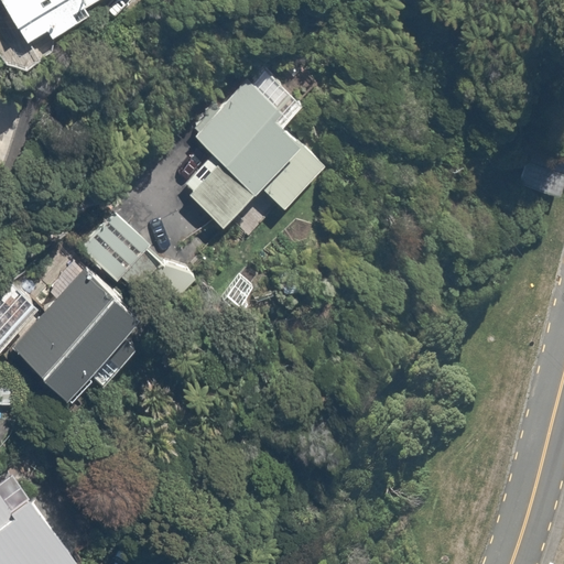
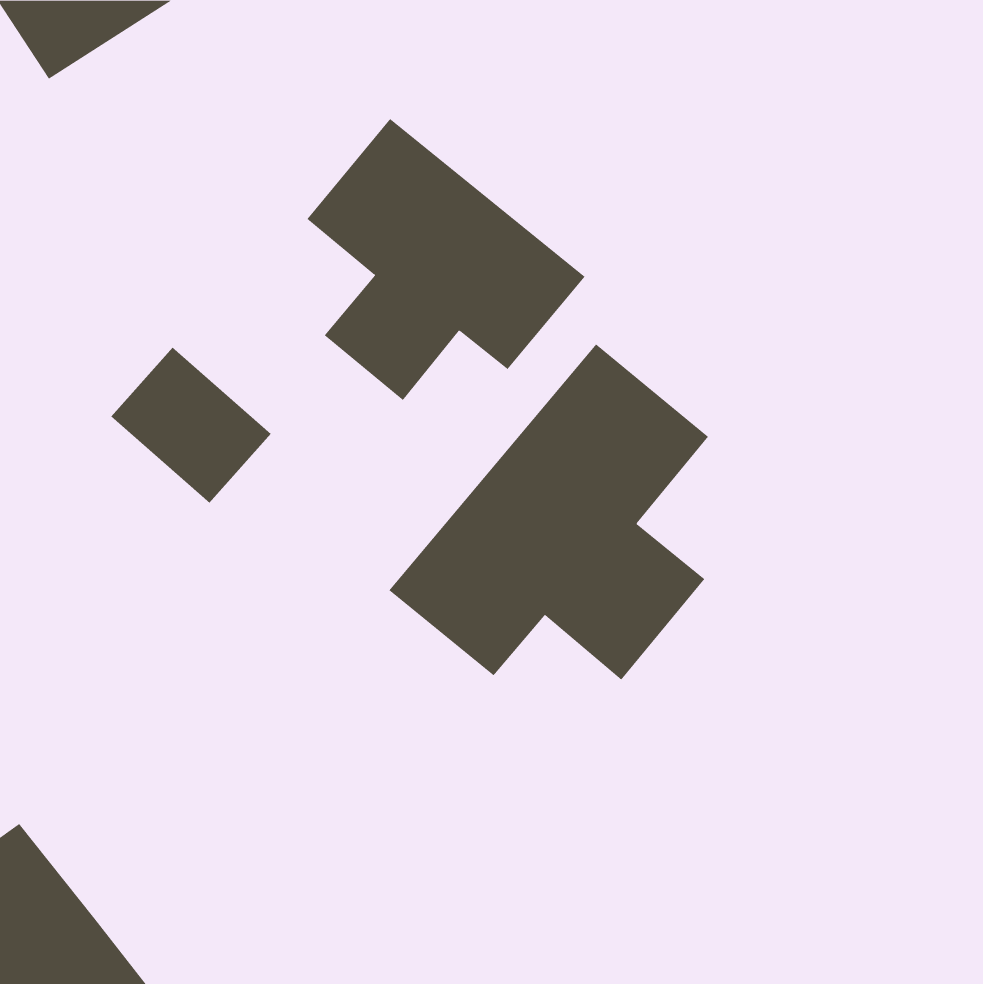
building: none -> [389,343,709,681]
building: [10,265,143,400] -> none

